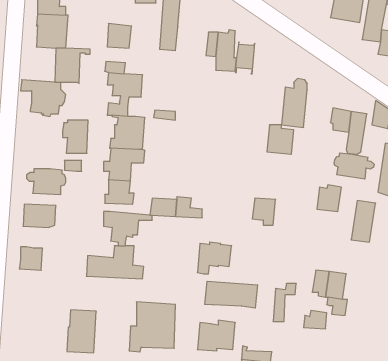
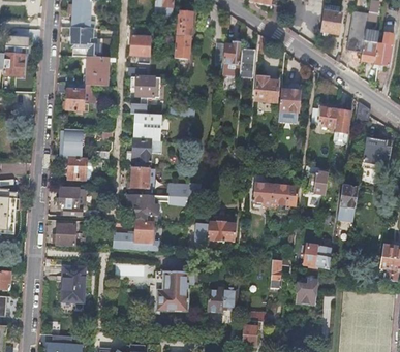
building: [63,120,88,153] -> [61,130,83,158]
building: [267,125,294,154] -> [255,76,278,101]
building: [334,153,374,179] -> none
building: none -> [271,184,299,213]
building: [205,281,258,308] -> none
building: [67,310,96,353] -> [61,265,86,301]

